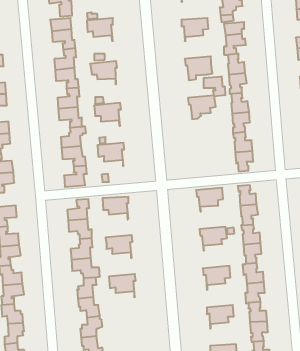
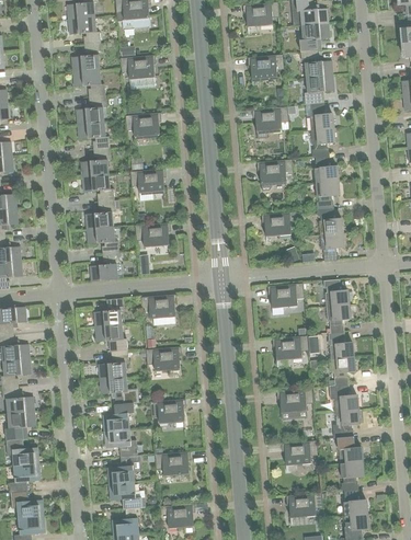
building: [204,76,225,96] -> none
building: none -> [261,211,298,243]
building: none -> [155,451,191,482]

